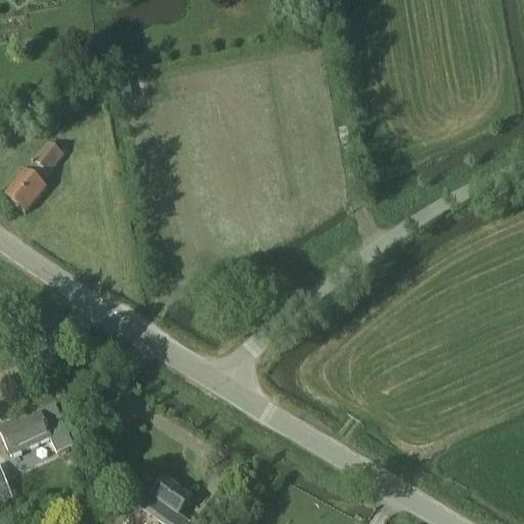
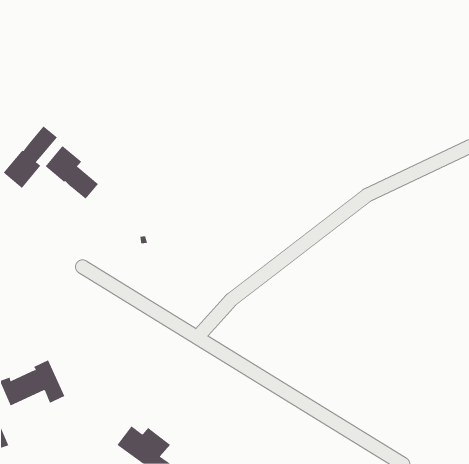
building: none -> [45,145,99,200]

